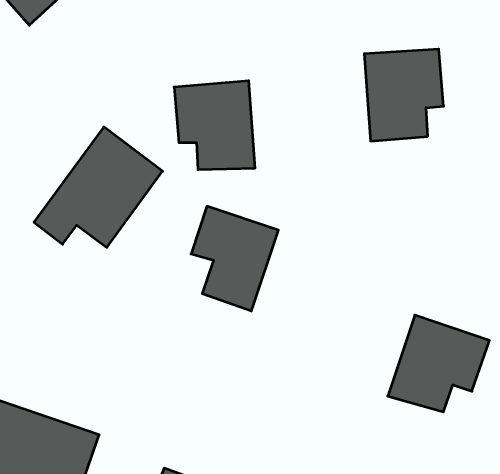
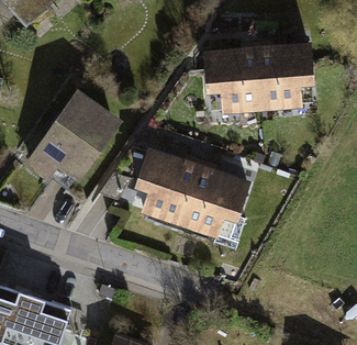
building: [174,81,255,170] -> [204,46,260,108]
building: [388,315,489,412] -> [178,168,248,235]

